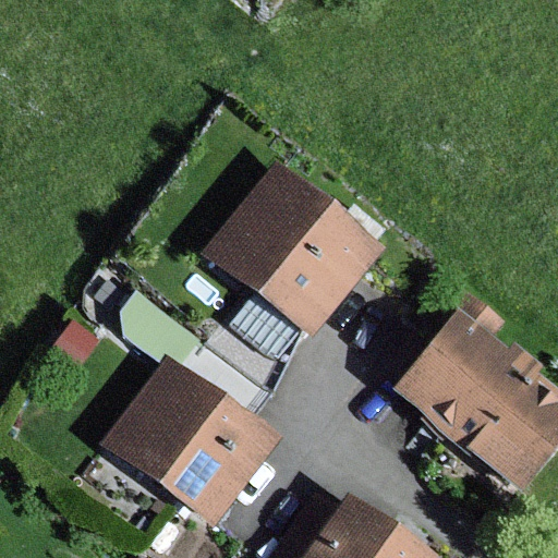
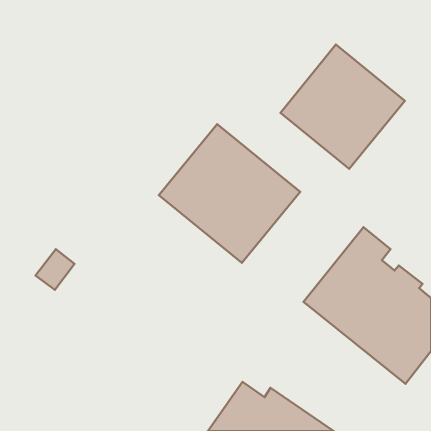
building: none -> [280,45,405,169]
building: [100,354,280,526] -> none

